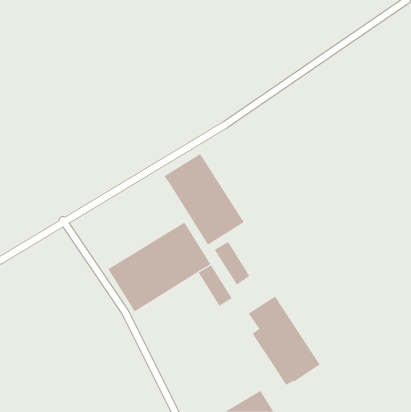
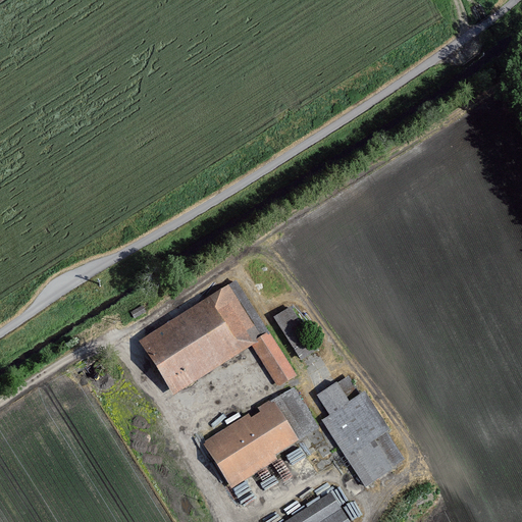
building: [164,153,244,245] -> none
building: none -> [203,386,320,484]

